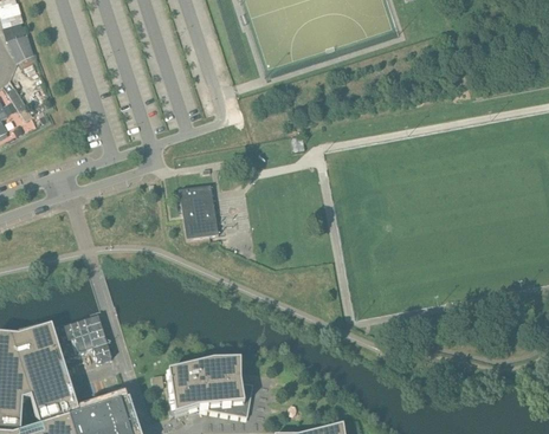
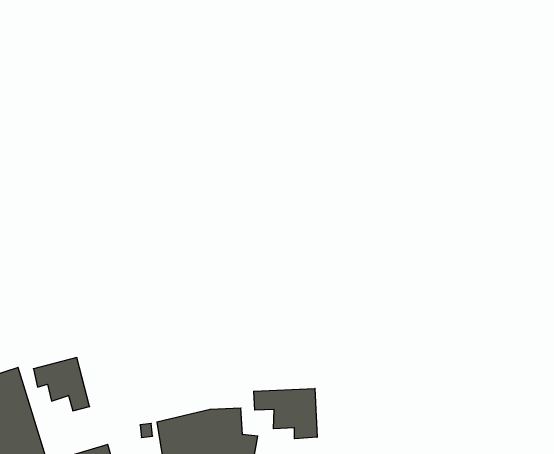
building: [177,182,217,235] -> none
building: none -> [254,388,317,439]

